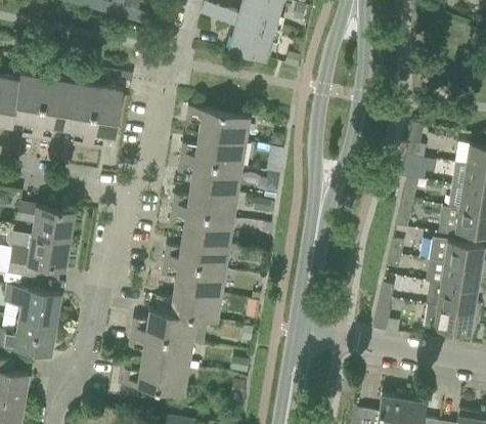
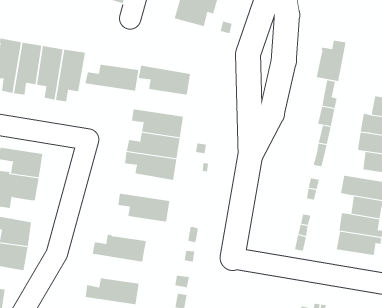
building: none -> [316,40,346,82]
building: [180,134,246,167] -> [84,64,139,91]
building: [164,236,229,268] -> none
building: [156,287,221,321] -> none
building: [129,332,192,368] -> none

